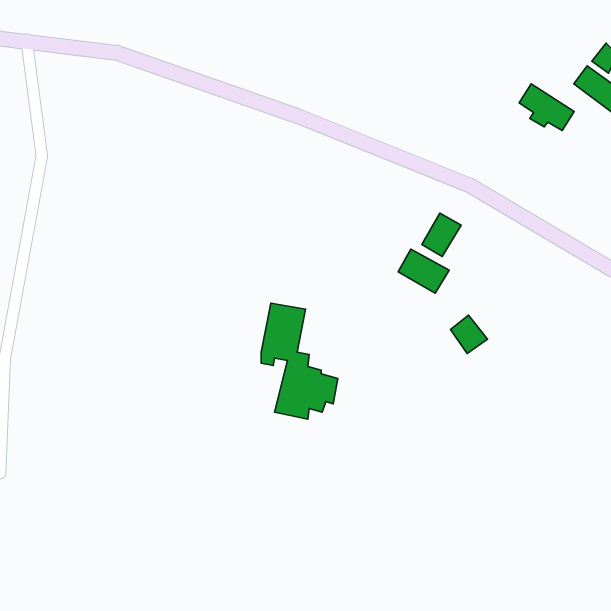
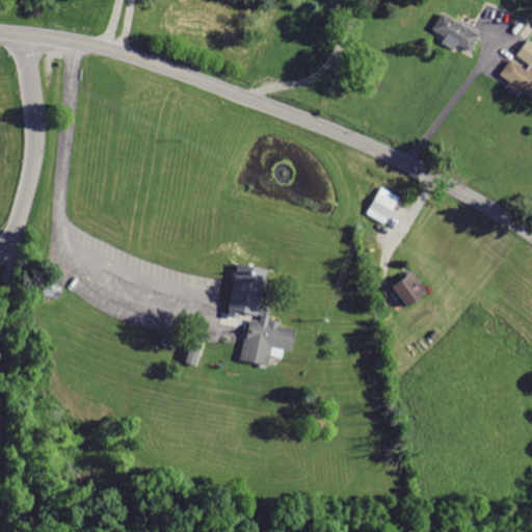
building: [519,84,574,131] -> [432,11,480,52]
building: [398,249,449,293] -> none

